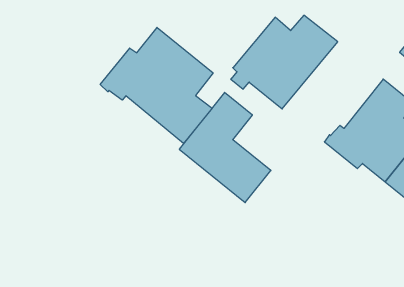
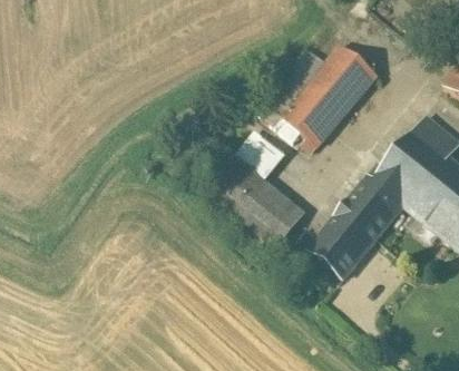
building: [100,27,213,143] -> none
building: none -> [307,183,399,280]

